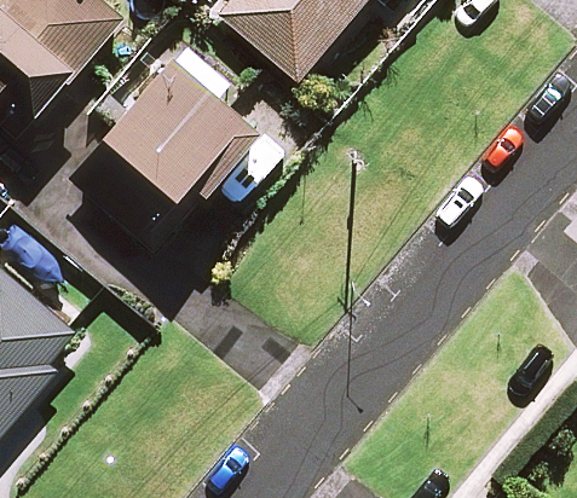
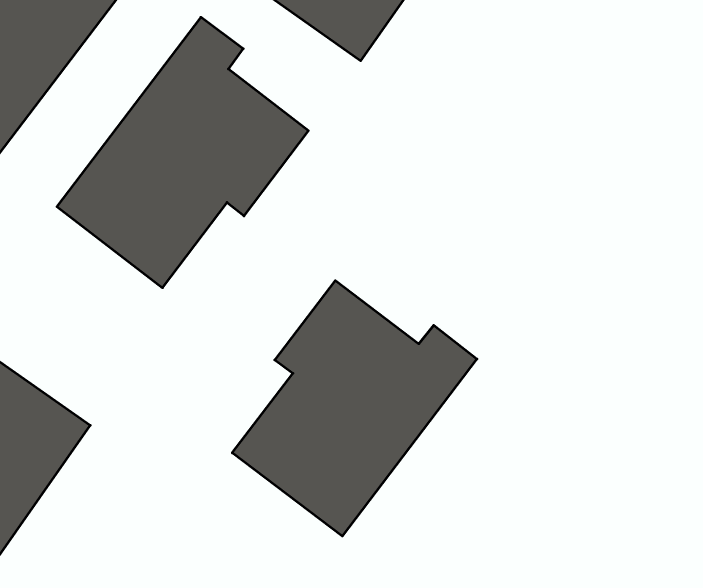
building: none -> [232,281,477,536]

